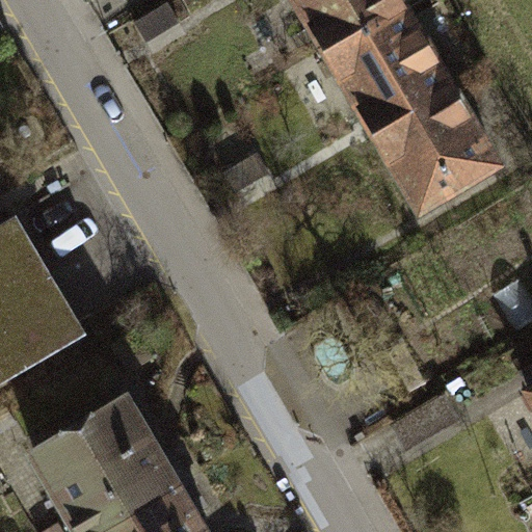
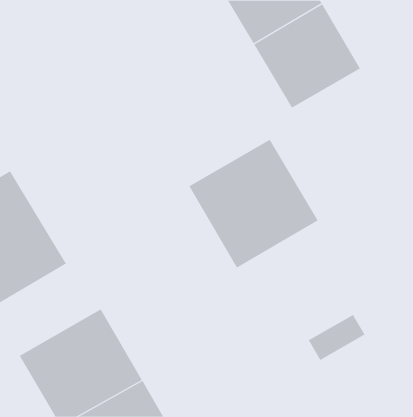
building: [371,87,509,223] -> none
building: none -> [189,139,319,269]

